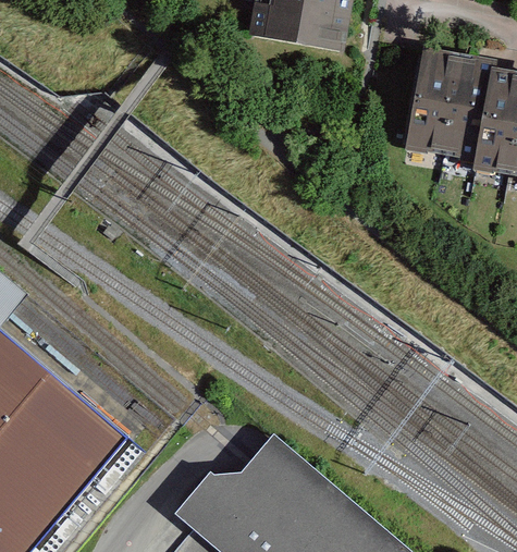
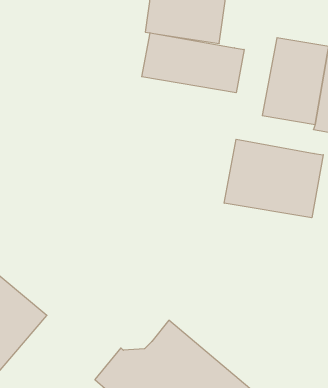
building: none -> [142,33,244,93]
building: none -> [224,139,323,218]

